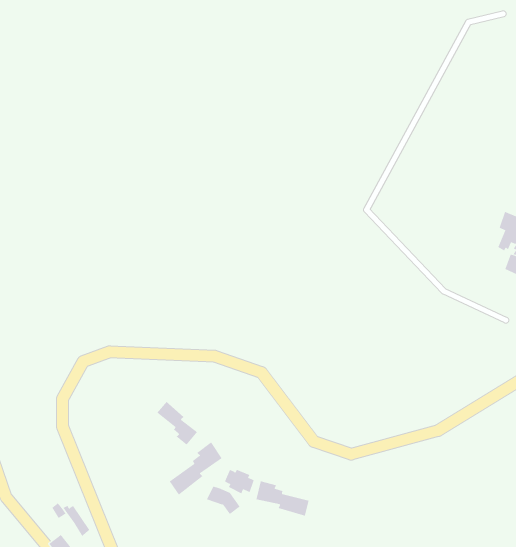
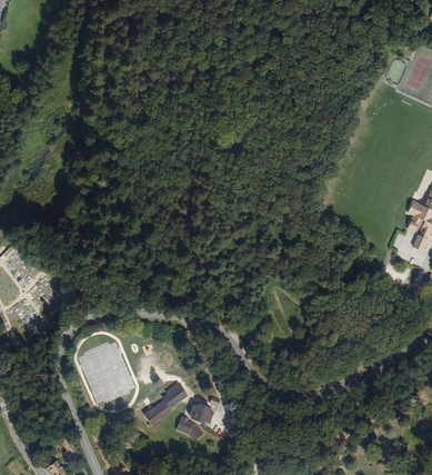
building: [157,401,198,445] -> none
building: [256,481,309,516] -> none

